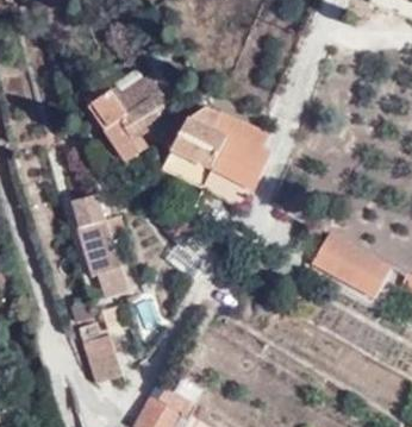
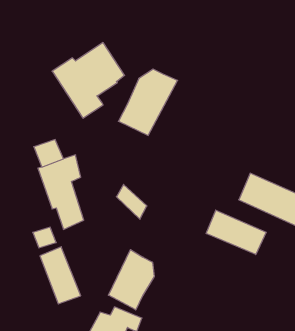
building: [200,117,269,202] -> none
building: none -> [206,210,266,255]
building: none -> [108,250,154,310]

